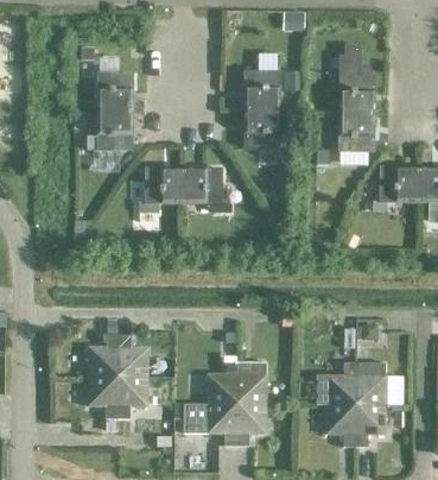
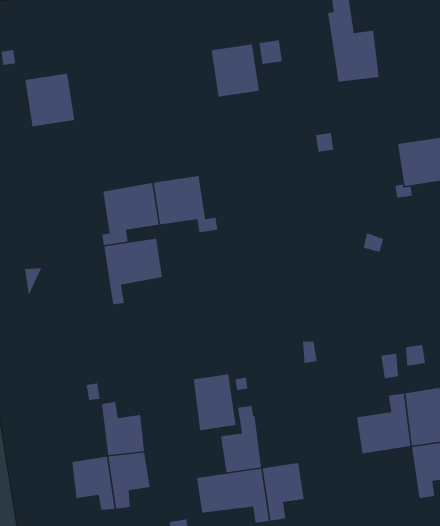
building: [245,110,287,149] -> none
building: [85,112,131,151] -> none
building: [338,113,373,152] -> none
building: none -> [104,238,163,305]
building: [88,335,118,377] -> none
building: [235,362,265,404] -> [193,373,237,431]
building: [324,405,354,447] -> none

